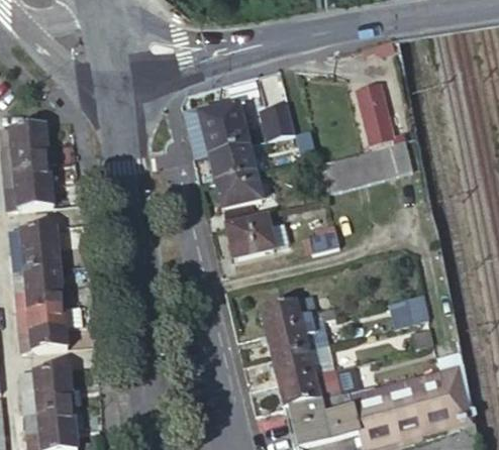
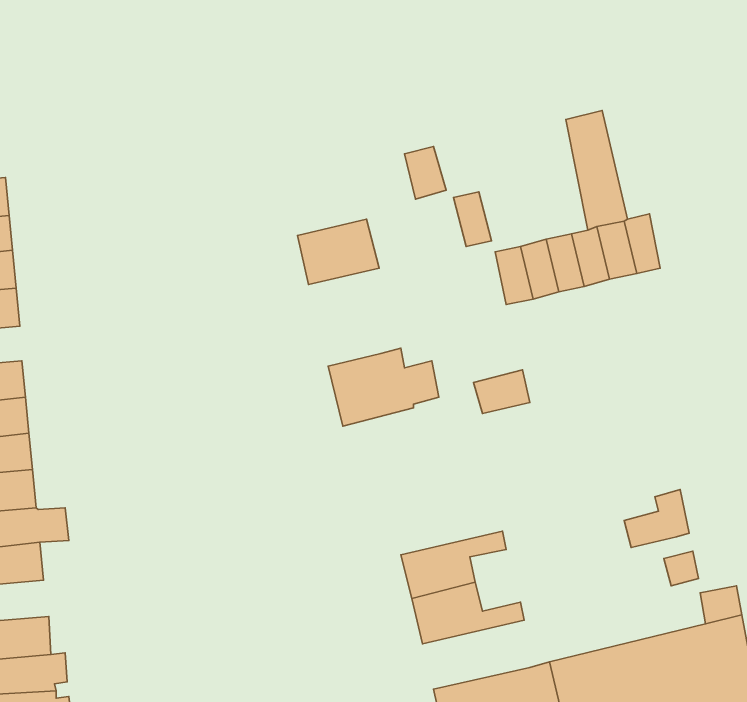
building: [199,104,247,155] -> none
building: [215,174,261,228] -> none
building: [261,294,323,333] -> none
building: [279,369,338,408] -> none

